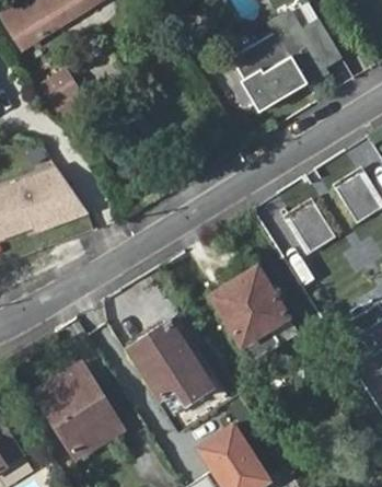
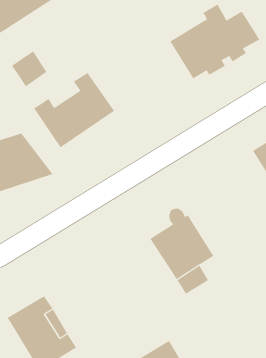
building: none -> [34,72,115,148]
building: [285,202,335,255] -> none
building: [130,321,210,411] -> none

